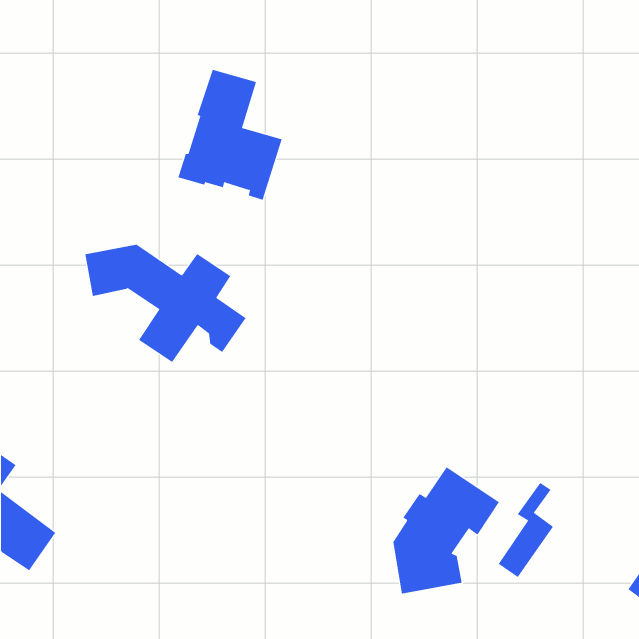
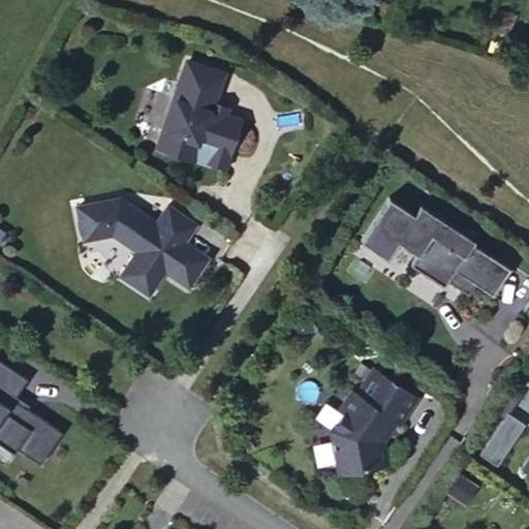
building: none -> [361,201,510,301]
building: [498,482,554,578] -> [476,398,522,475]

